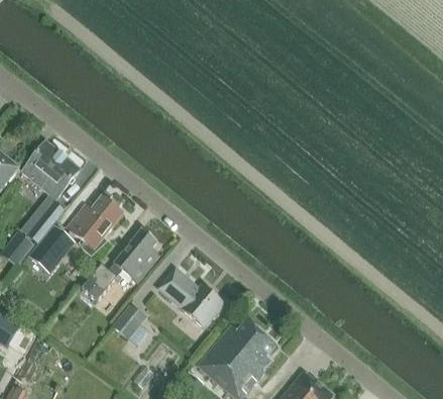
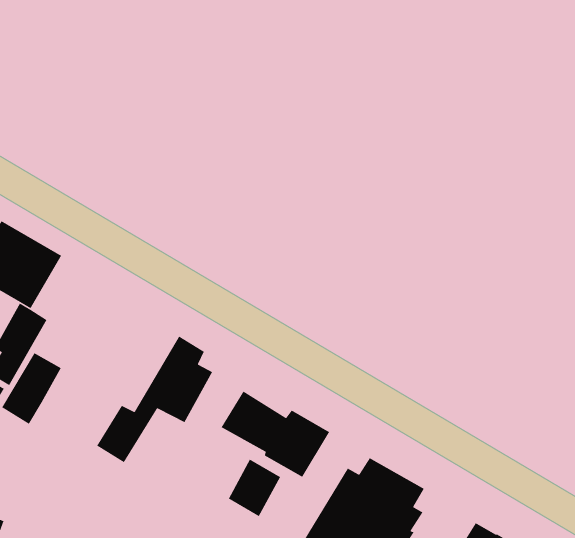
building: [66,196,123,254] -> none
building: [110,303,144,339] -> [228,458,281,517]

